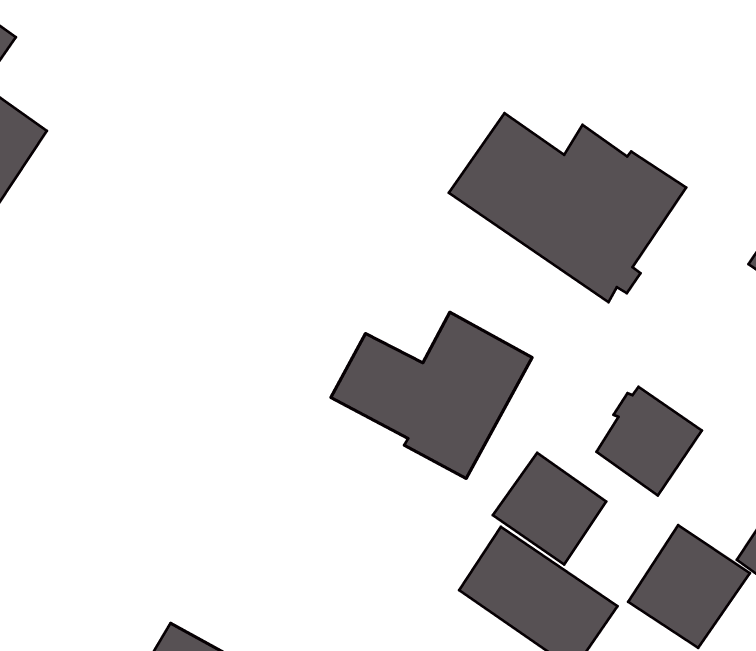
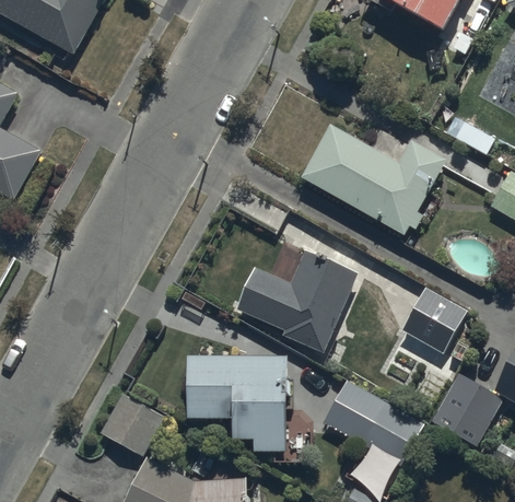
building: [493,453,606,565] -> none
building: none -> [188,354,288,452]
building: none -> [101,392,165,455]

